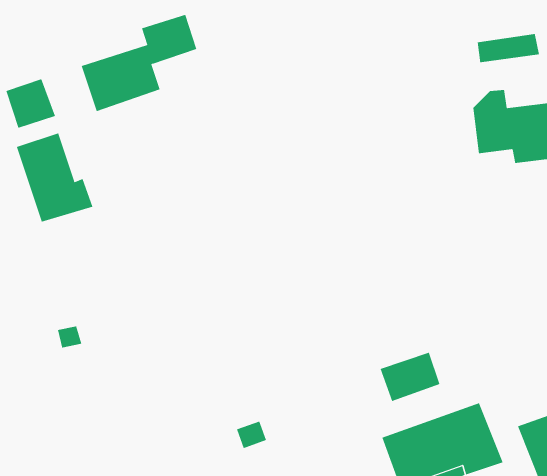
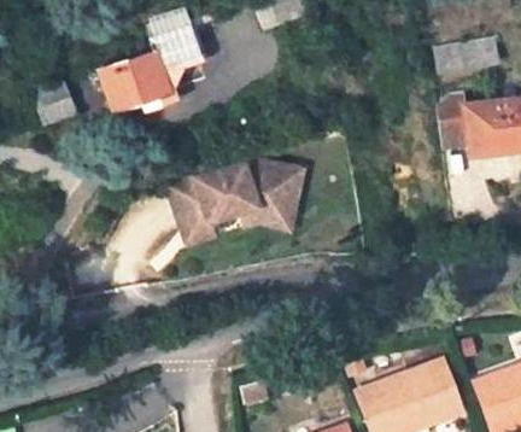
building: [16,133,93,223] -> none
building: none -> [169,162,302,229]
building: [380,352,440,402] -> none

